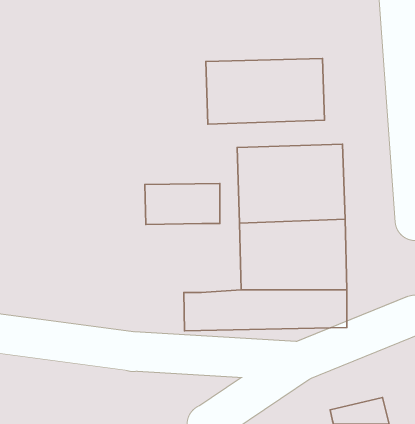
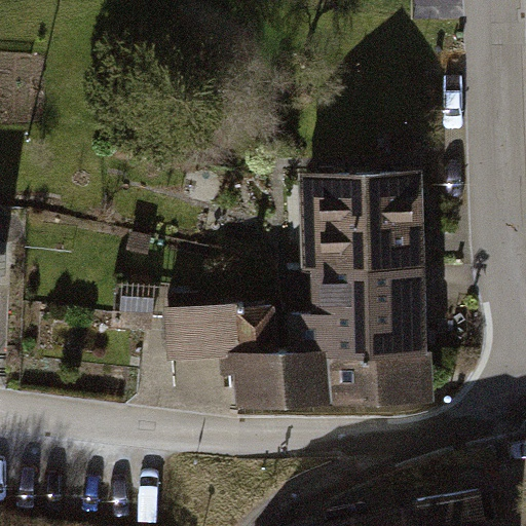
building: [206,58,325,124] -> none
building: [145,184,220,224] -> [156,311,249,362]

